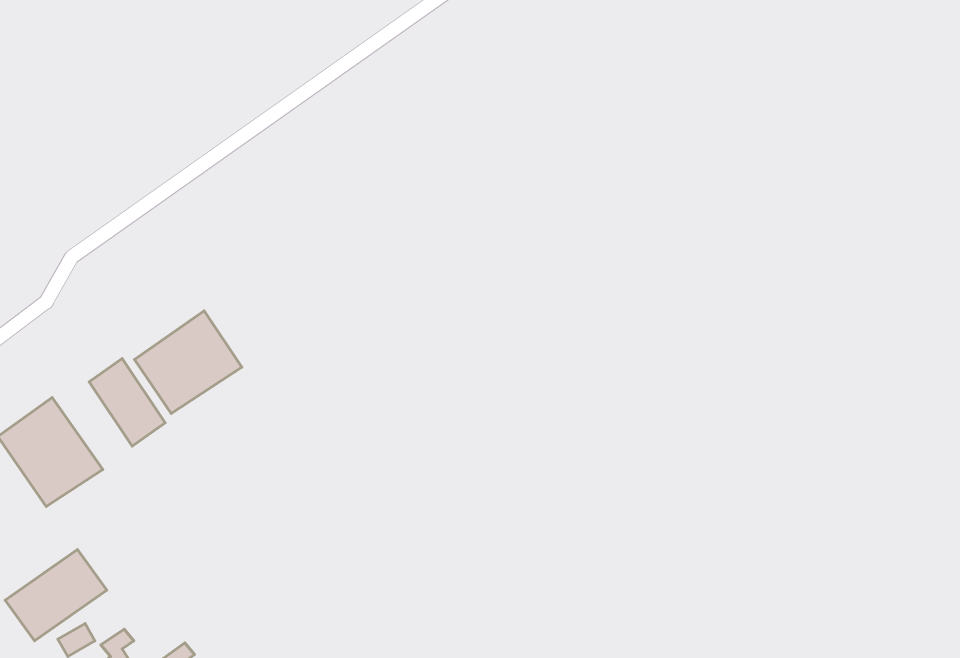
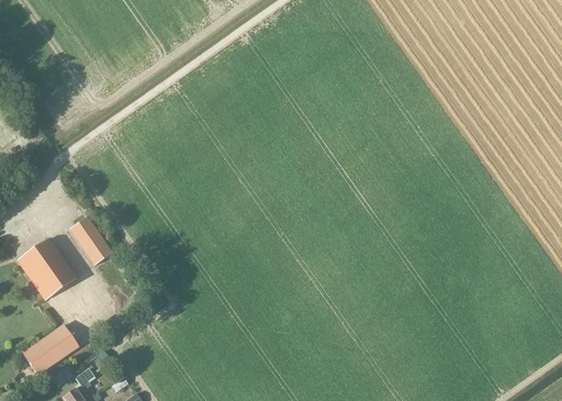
building: [134,311,242,414] -> none

